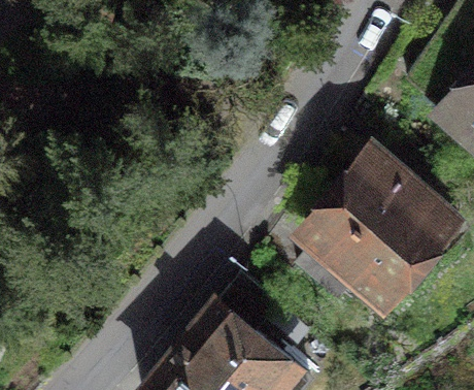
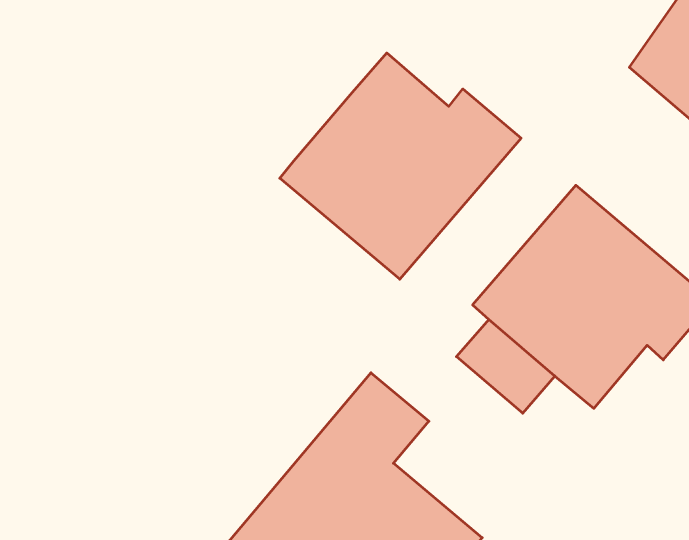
building: none -> [280,53,521,279]

